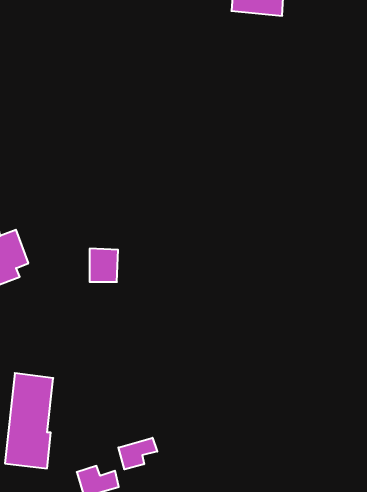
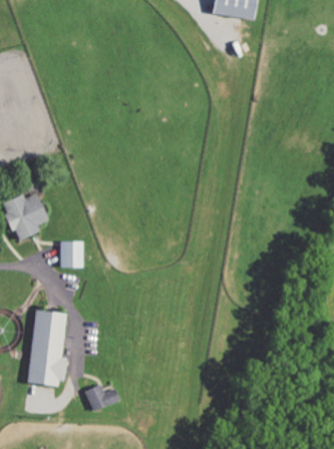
building: [90,249,118,282] -> [61,240,84,267]
building: [118,438,157,469] -> none

